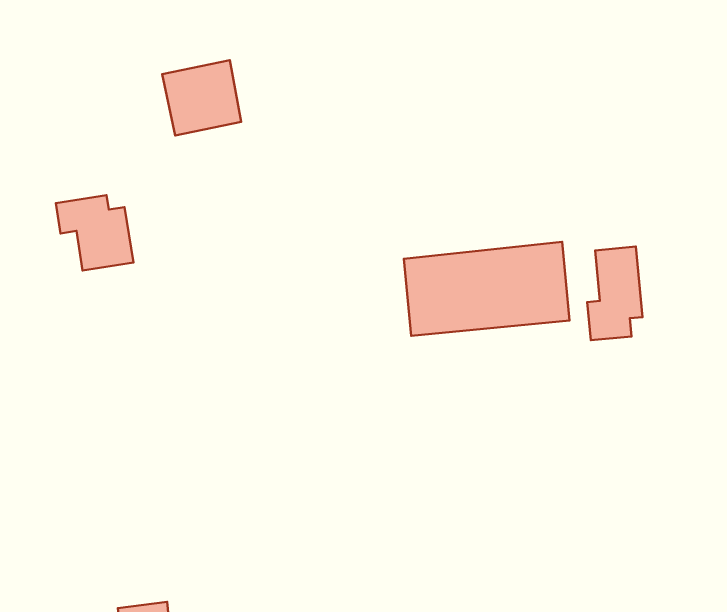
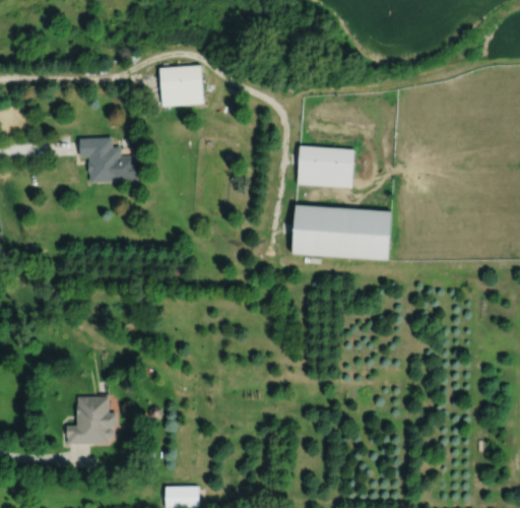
building: none -> [297,146,353,187]
building: [587,247,643,340] -> none

